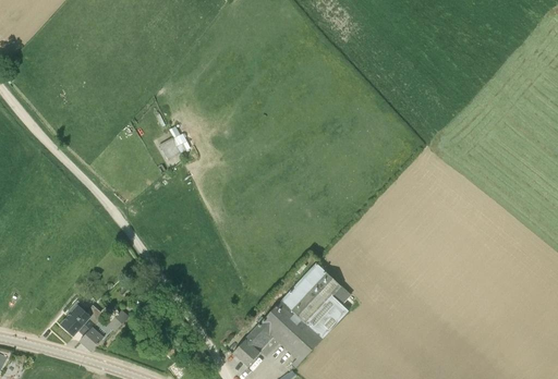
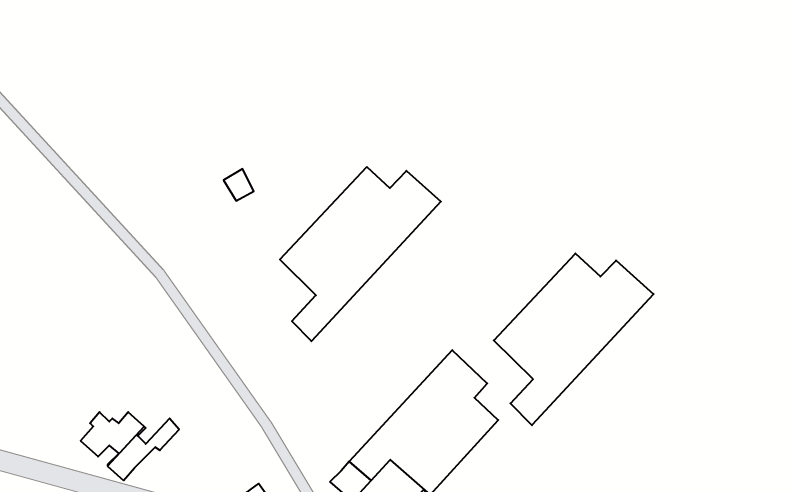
building: none -> [280,167,441,341]
building: none -> [494,253,654,425]

